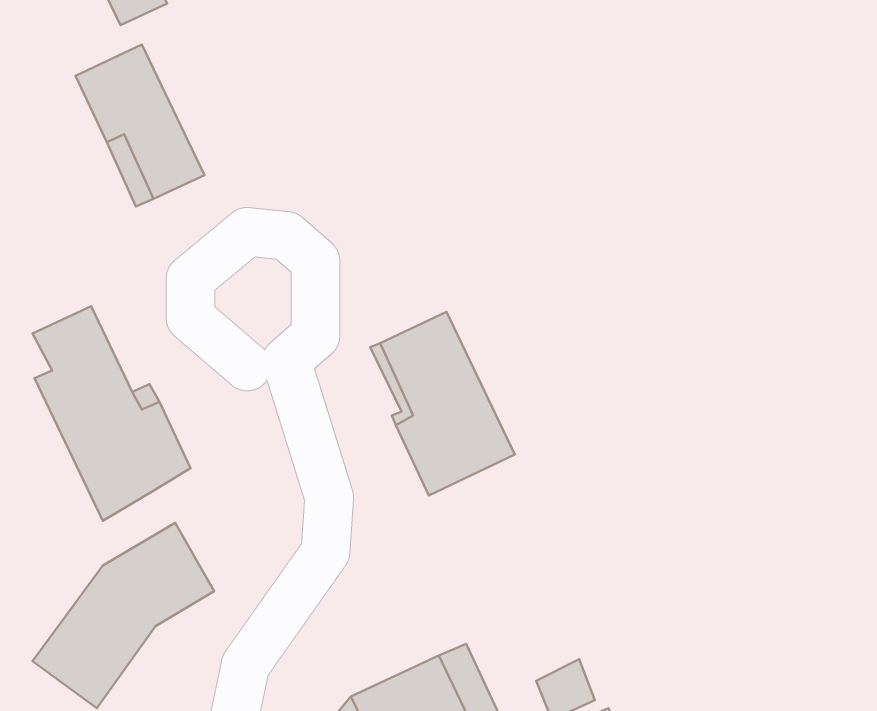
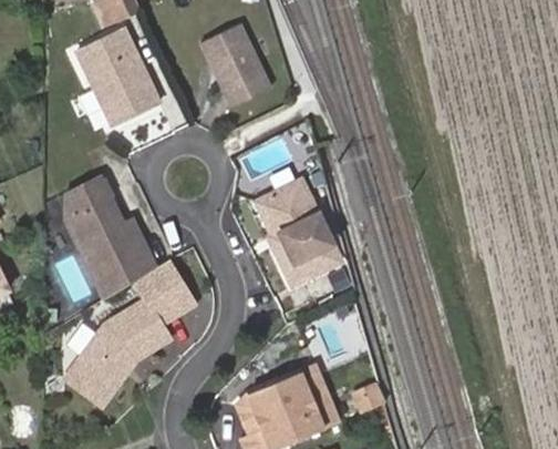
building: none -> [200,20,270,104]
building: none -> [135,259,194,323]

